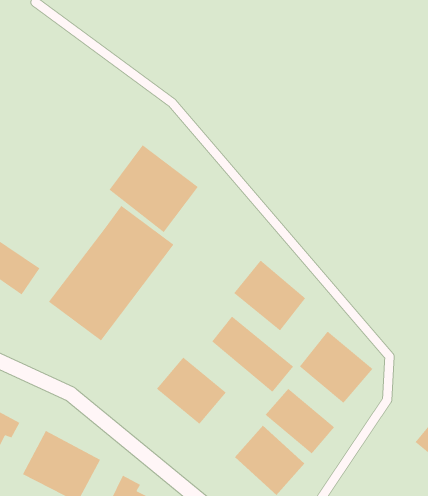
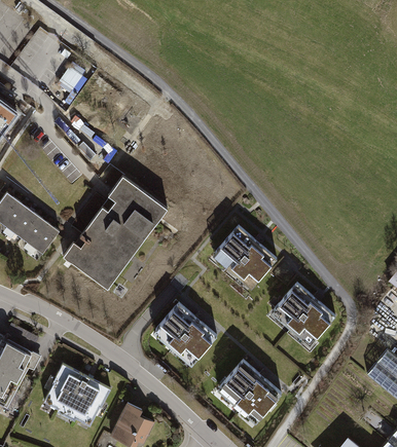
building: [109,144,199,233] -> none
building: [211,315,294,393] -> none
building: [265,388,335,454] -> none

